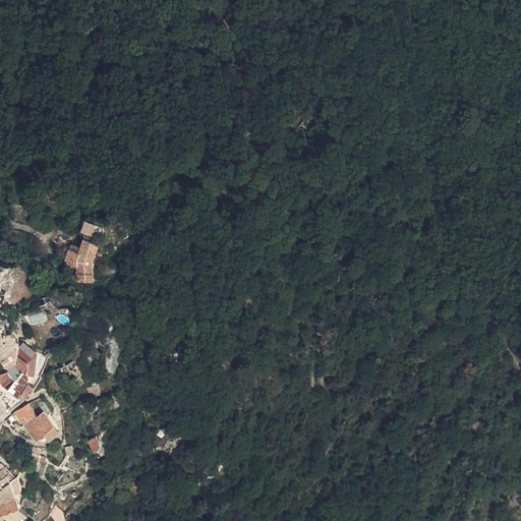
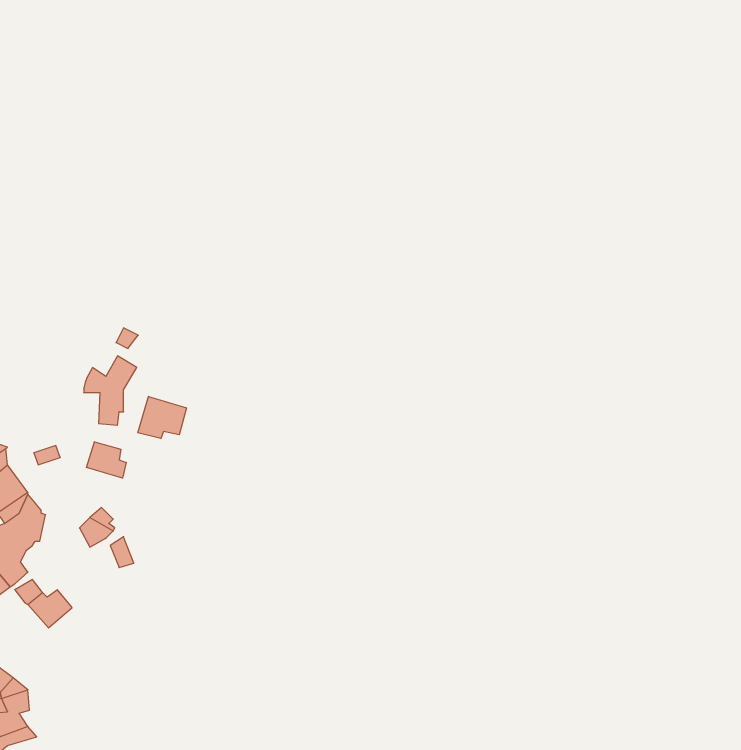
building: none -> [138,396,187,439]
building: none -> [87,442,126,478]

